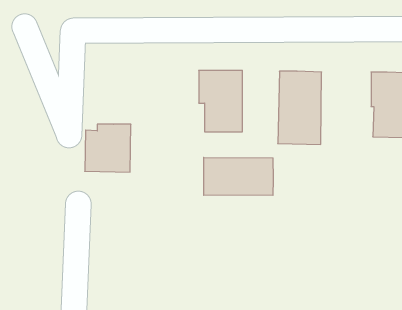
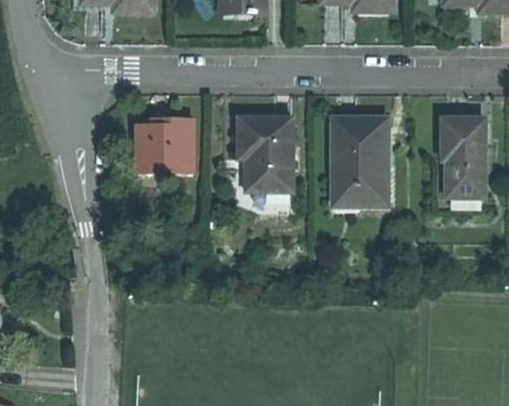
building: [85,124,131,172] -> [136,118,191,175]
building: [204,157,273,195] -> none

